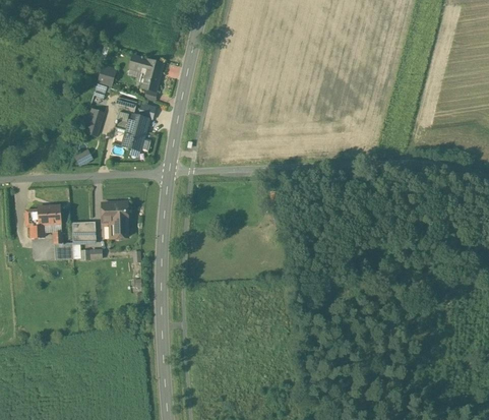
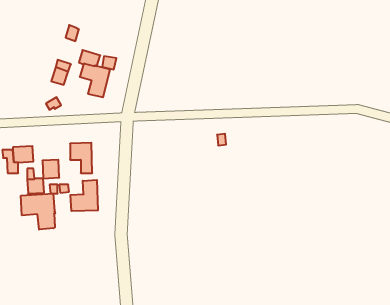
building: [129,55,163,91] -> none
building: none -> [70,180,98,211]
building: none -> [21,194,55,230]

